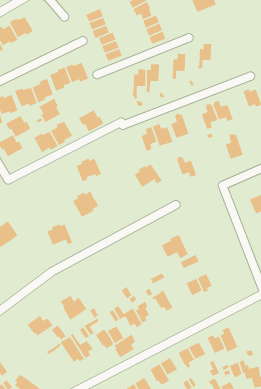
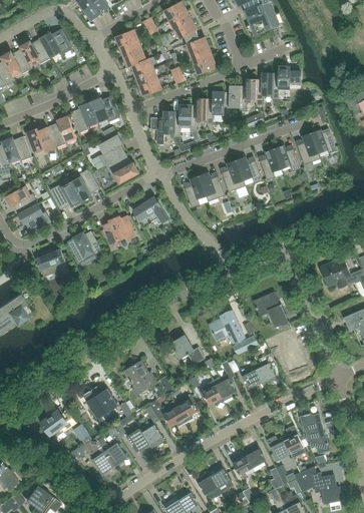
building: none -> [40,29,72,58]
building: none -> [273,66,301,99]
building: none -> [240,79,258,111]
building: none -> [207,92,225,131]
building: none -> [150,111,175,144]
building: [39,98,61,123] -> [98,134,126,166]
building: [5,115,31,138] -> [18,204,51,233]
building: [224,133,244,160] -> [297,131,321,165]
building: [176,155,197,178] -> [237,155,263,183]
building: [134,163,163,188] -> [133,196,169,227]
building: [72,190,99,218] -> [68,230,102,265]
building: none -> [254,293,289,328]
building: [46,223,73,246] -> [36,249,70,278]
building: none -> [166,336,206,365]
building: none -> [213,360,236,403]
building: none -> [124,361,158,396]
building: none -> [300,413,330,454]
building: [114,333,136,359] -> none

